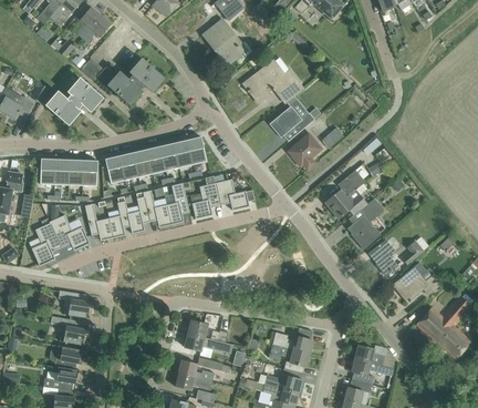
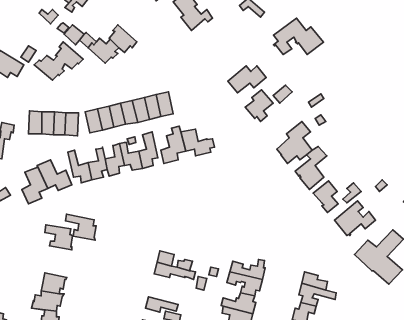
building: [247,60,304,102] -> [274,18,323,54]
building: [51,315,86,345] -> [66,214,96,240]
building: [178,357,230,381] -> none

